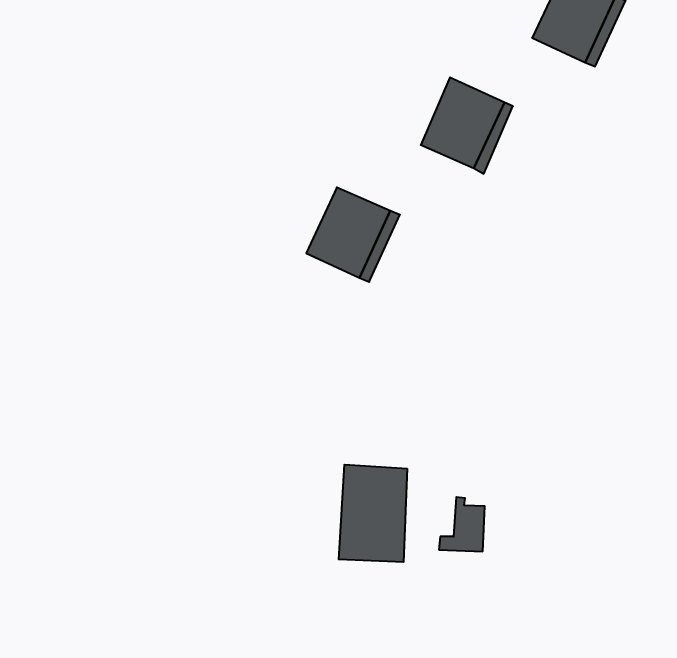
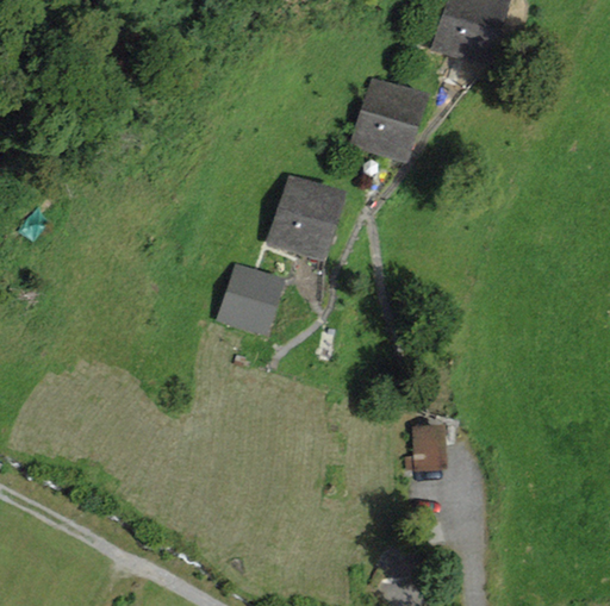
building: none -> [217,265,276,332]
building: [339,465,407,562] -> none

